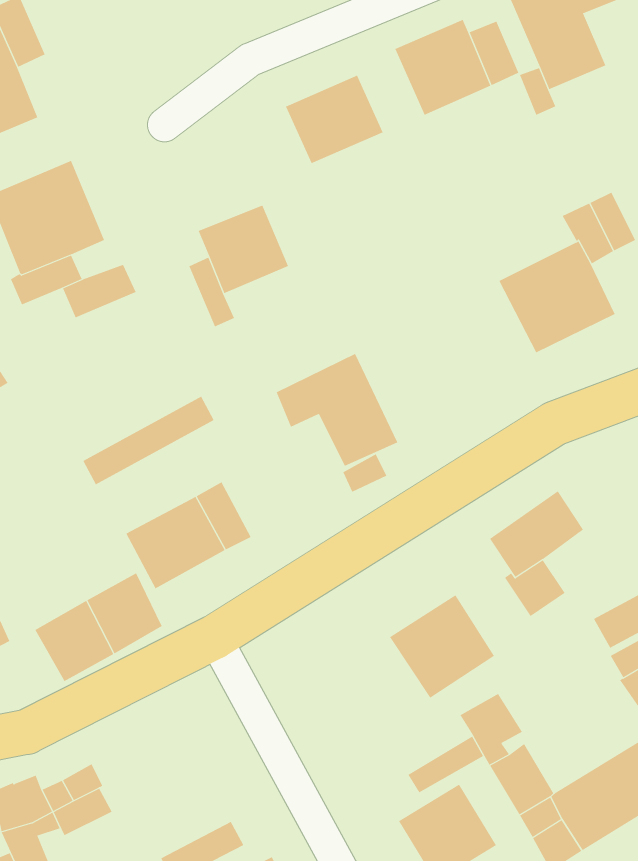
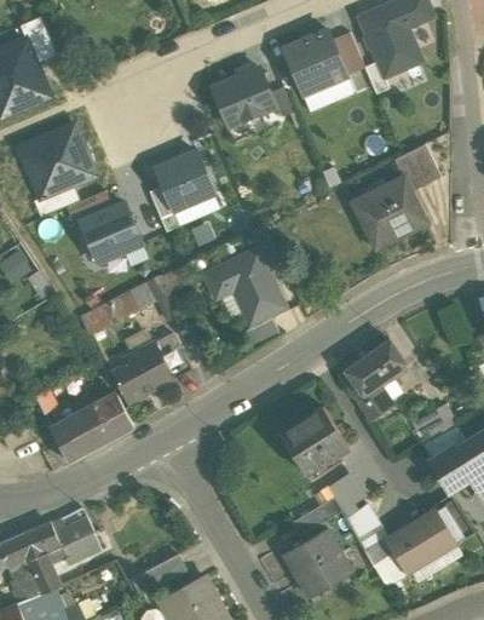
building: none -> [81,205,143,262]

